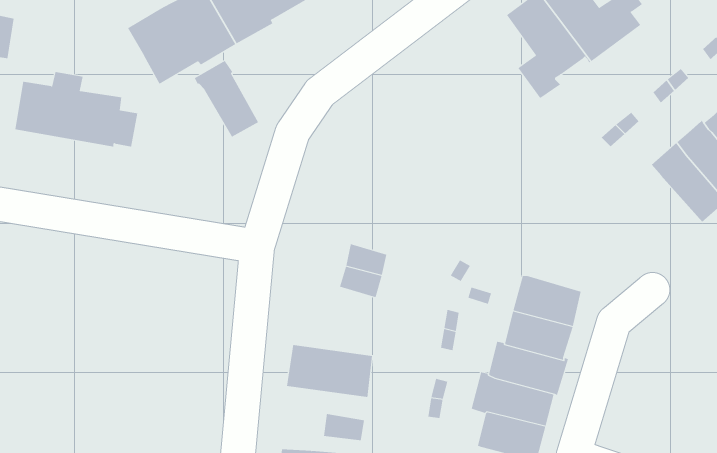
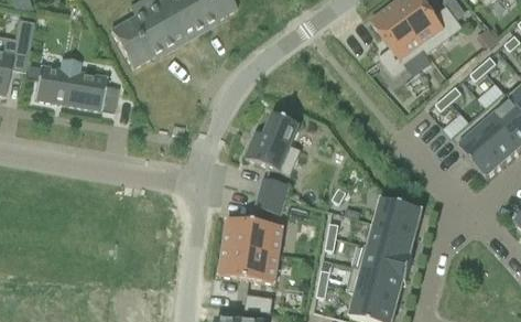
building: [194,60,259,138] -> none
building: none -> [246,112,301,174]
building: none -> [452,121,504,176]
building: none -> [224,216,283,253]

